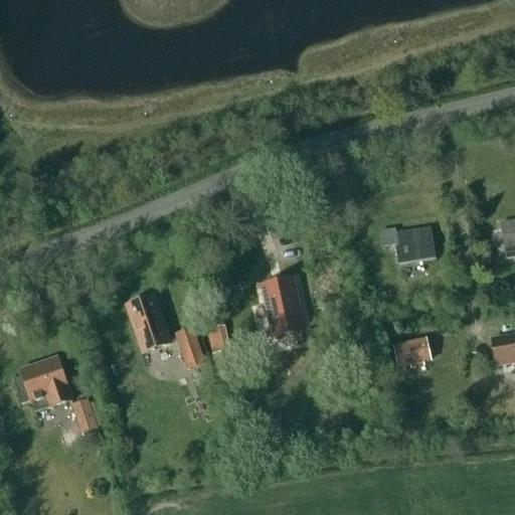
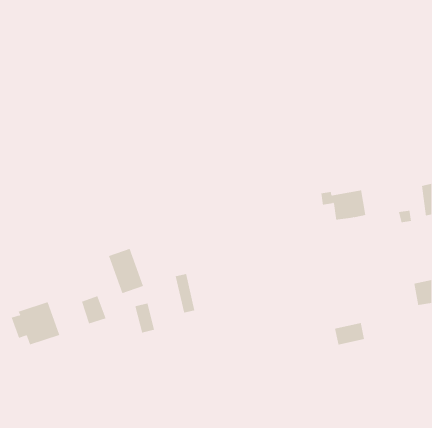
building: [264,280,302,334] -> none
building: [176,329,200,365] -> [135,303,155,333]
building: [394,338,431,365] -> [334,322,365,345]
building: [68,393,99,427] -> [81,296,106,324]

